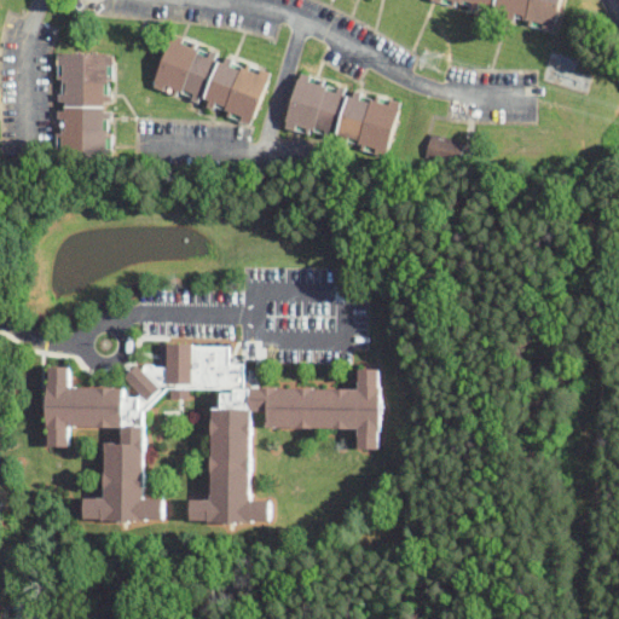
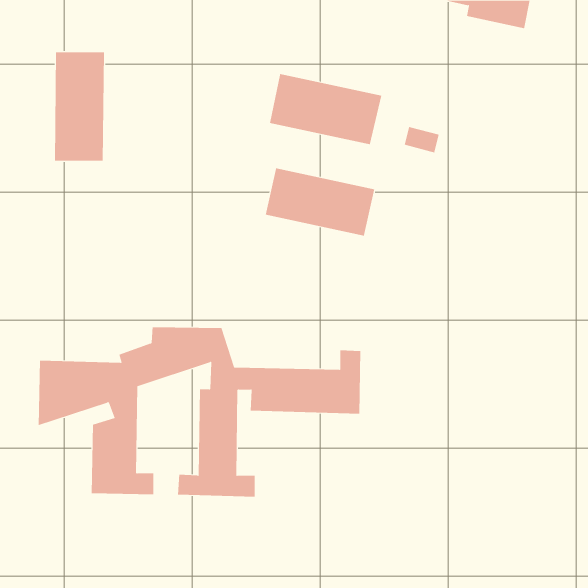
building: [150,35,270,125] -> none
building: none -> [265,168,375,236]

